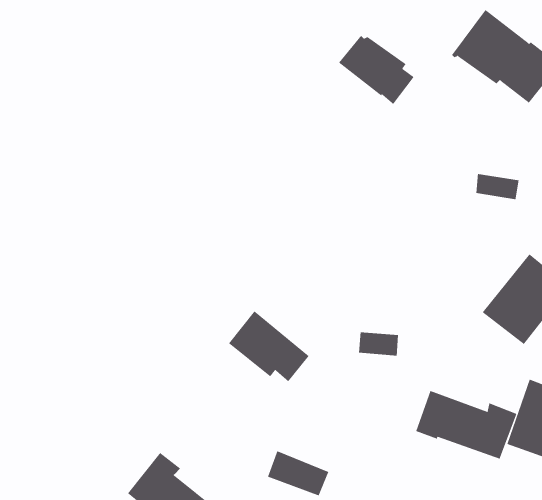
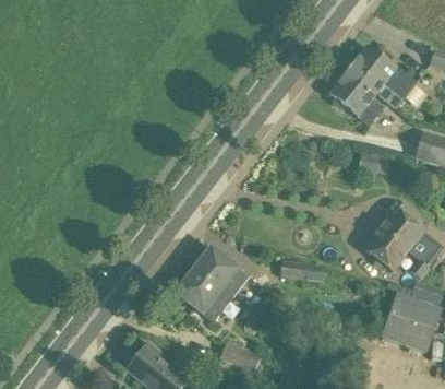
building: [338,35,415,105] -> [328,75,380,122]
building: none -> [176,269,234,320]
building: [415,390,517,460] -> none

